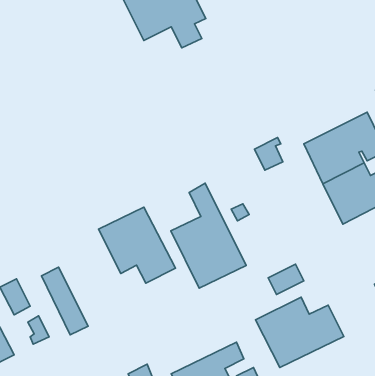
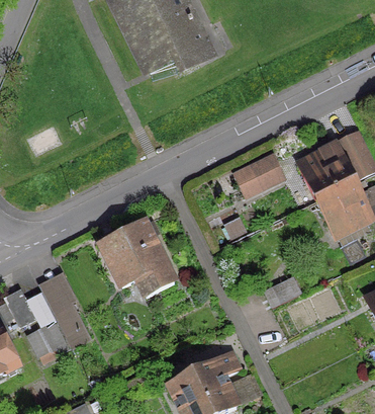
building: [171,183,246,288] -> none
building: [255,297,344,367] -> none

